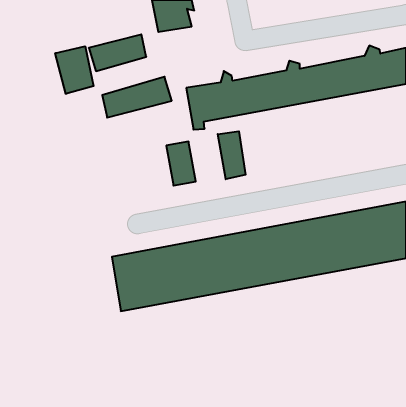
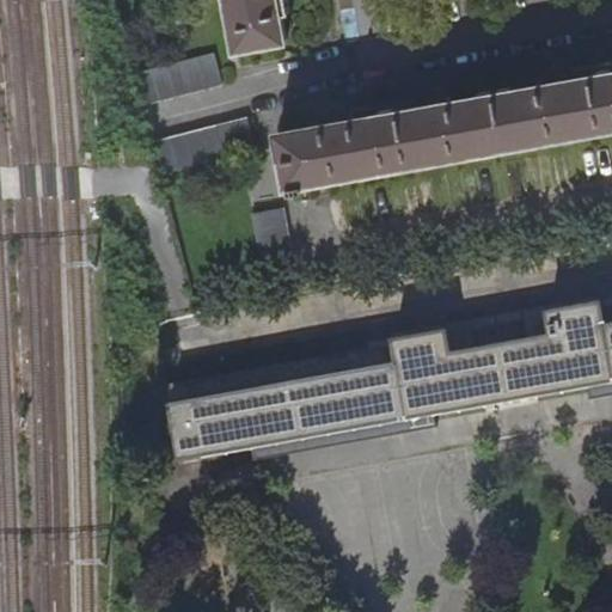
building: [55,46,94,94] -> none
building: [218,131,246,179] -> none

